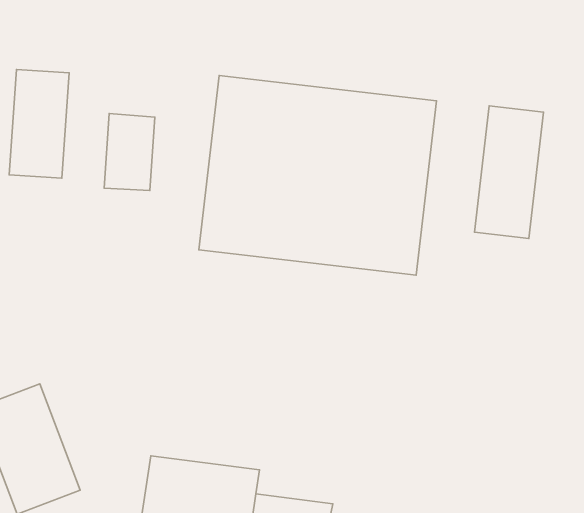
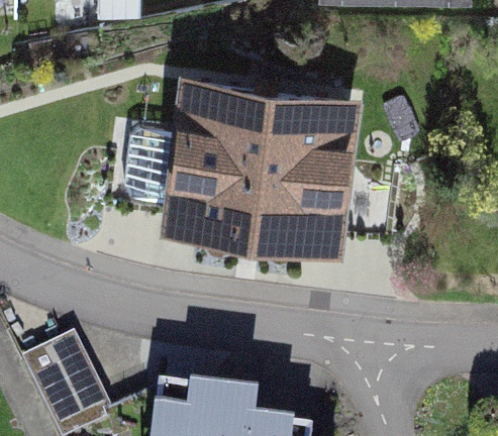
building: [9,69,69,178] -> none
building: [474,106,543,238] -> none

